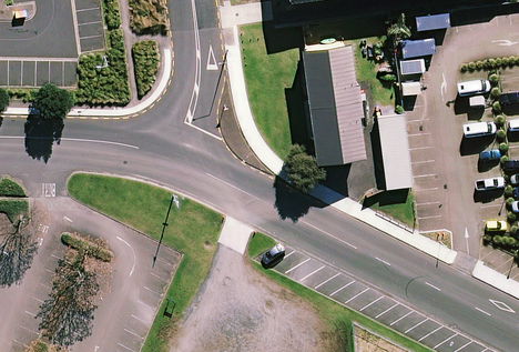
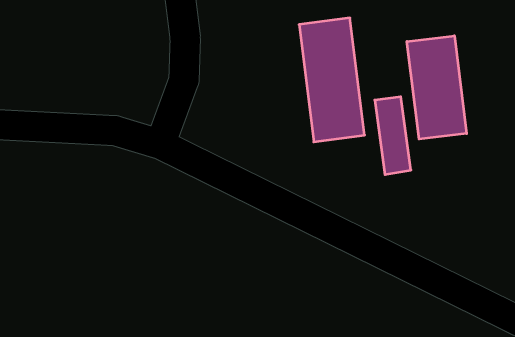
building: none -> [407,36,467,139]

